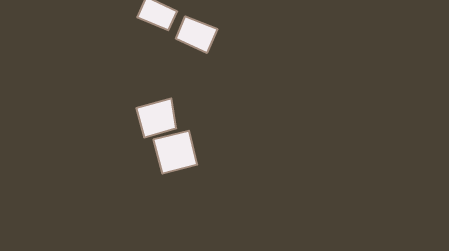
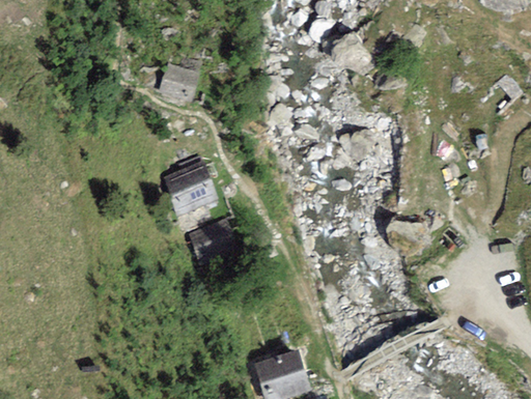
building: [176,16,217,53] -> none

